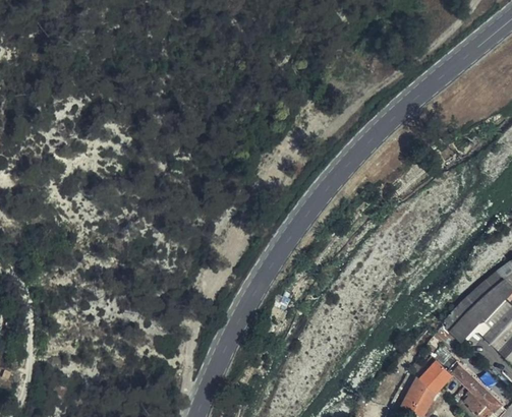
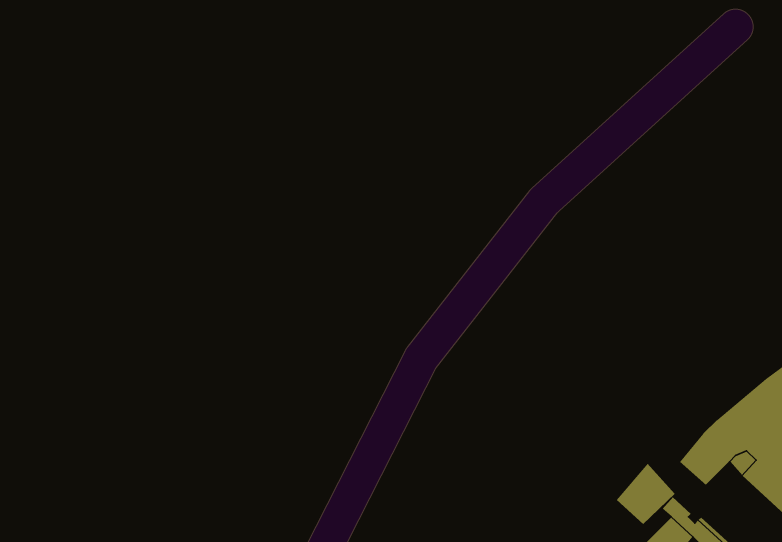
building: none -> [616,463,676,525]

